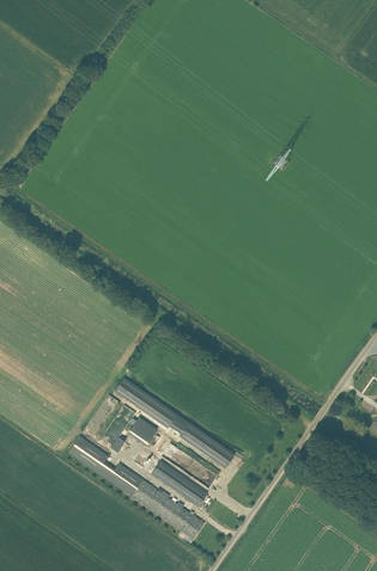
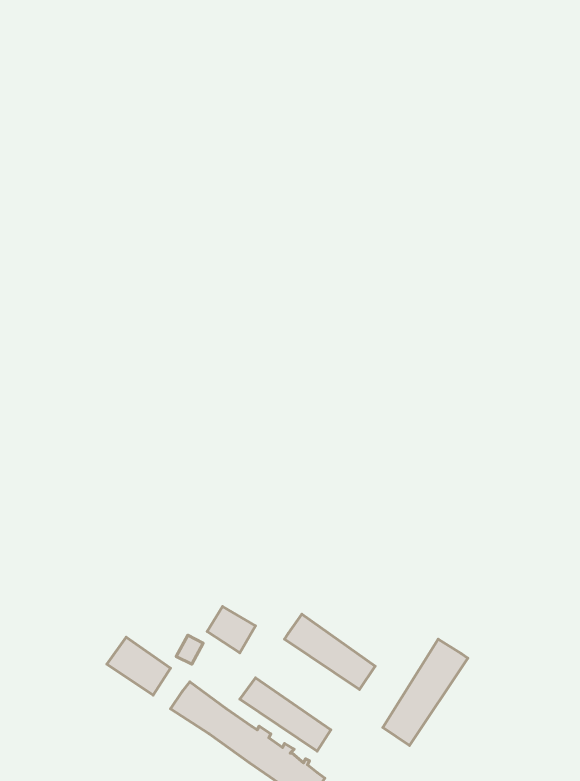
building: [114,376,177,428] -> none
building: none -> [383,639,468,746]

